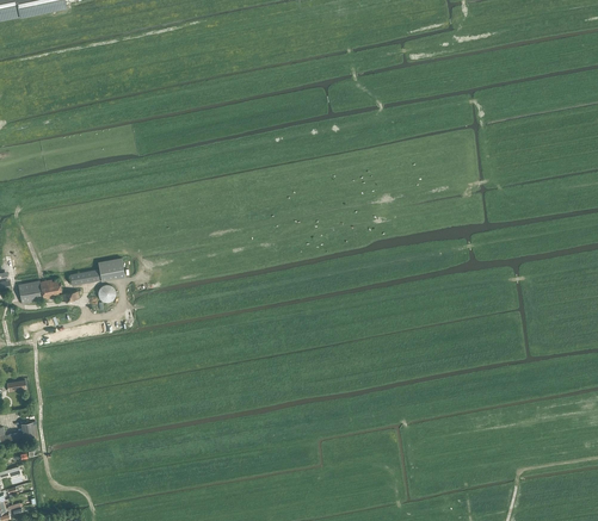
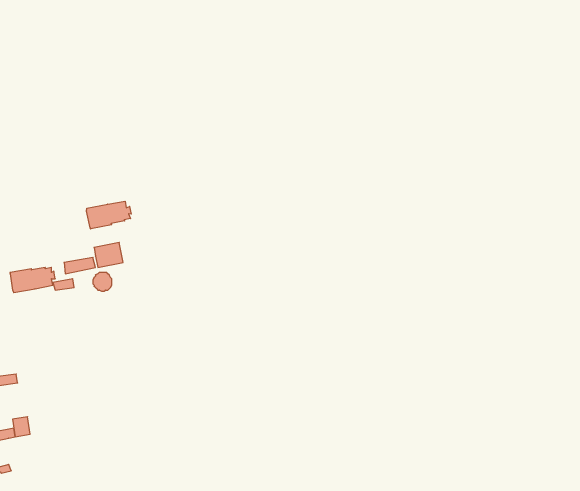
building: none -> [87,201,131,229]

